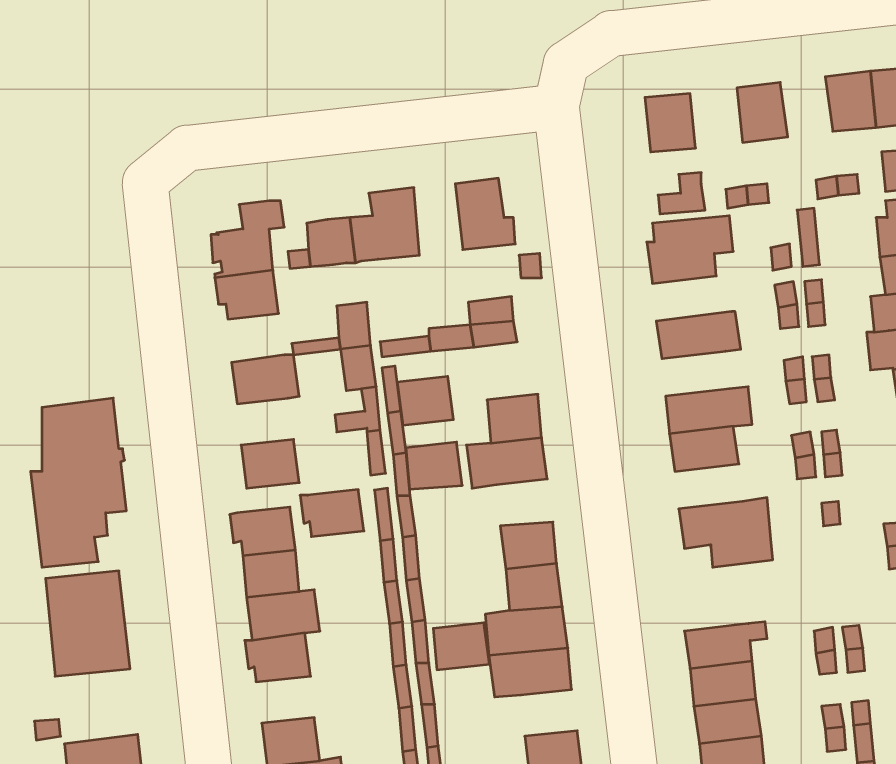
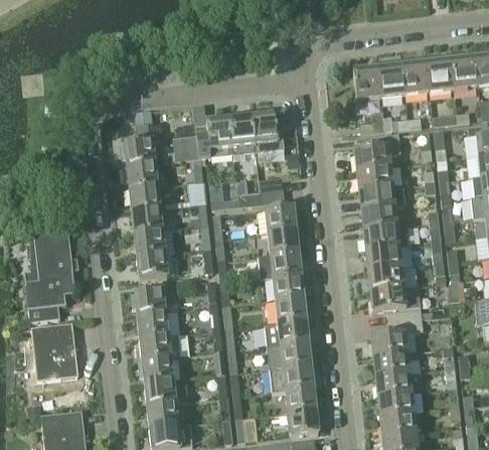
building: none -> [425,59,453,92]
building: none -> [376,65,404,98]
building: none -> [228,117,255,155]
building: none -> [356,166,398,190]
building: none -> [129,186,159,212]
building: none -> [361,206,397,231]
building: [397,376,453,425] -> [265,206,295,233]
building: [406,442,462,489] -> [273,275,303,300]
building: none -> [368,267,404,291]
building: [300,490,364,537] -> [130,232,164,257]
building: none -> [371,318,423,356]
building: [433,623,490,670] -> [286,388,316,413]
building: none -> [144,380,187,406]

